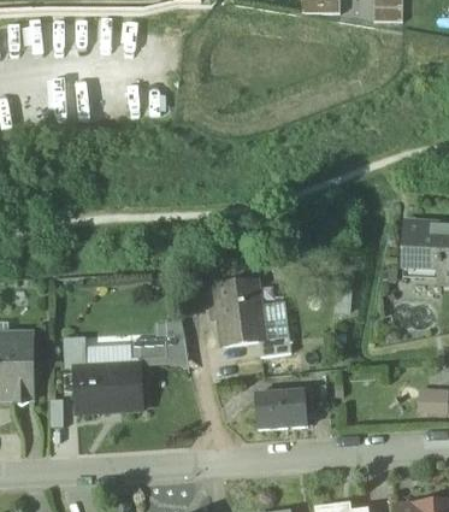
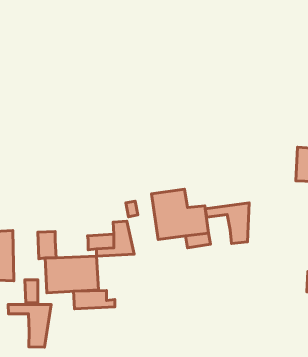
building: none -> [205,203,249,244]
building: [88,345,142,369] -> [74,290,115,309]
building: [255,390,306,426] -> none
building: none -> [8,305,51,347]

